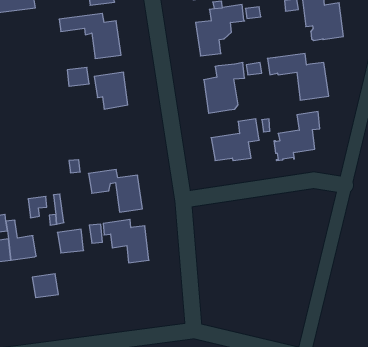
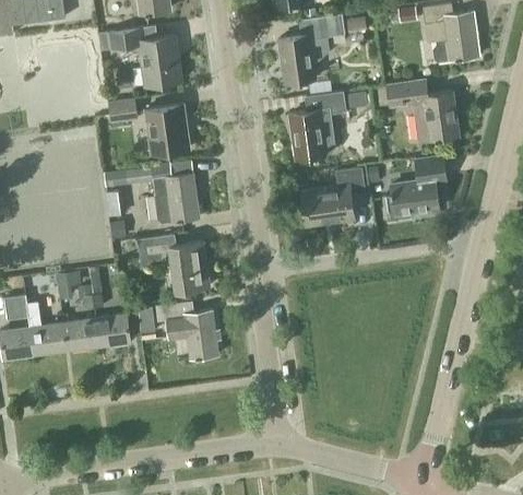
building: none -> [104,164,199,223]
building: [32,274,58,298] -> [64,319,99,351]

